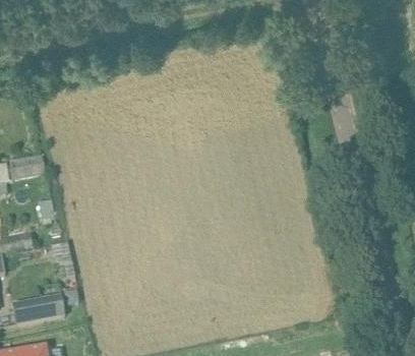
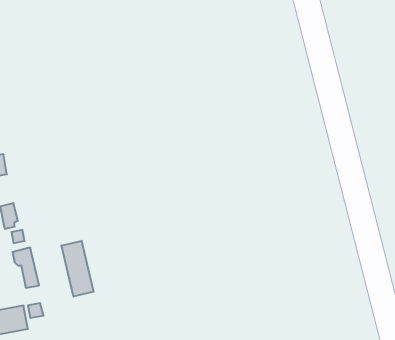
building: none -> [61,241,94,297]

